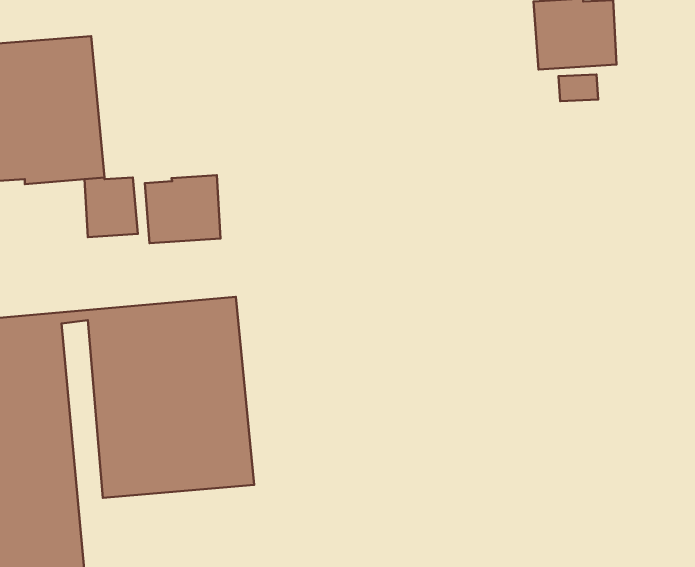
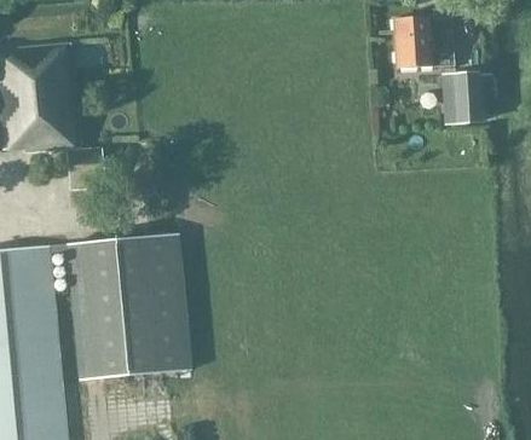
building: none -> [452,71,481,122]
building: [145,175,221,243] -> none

